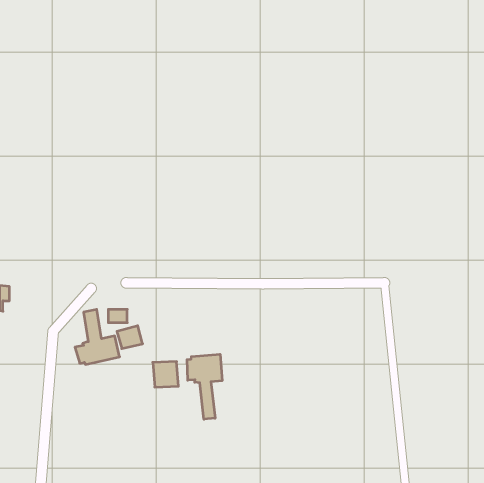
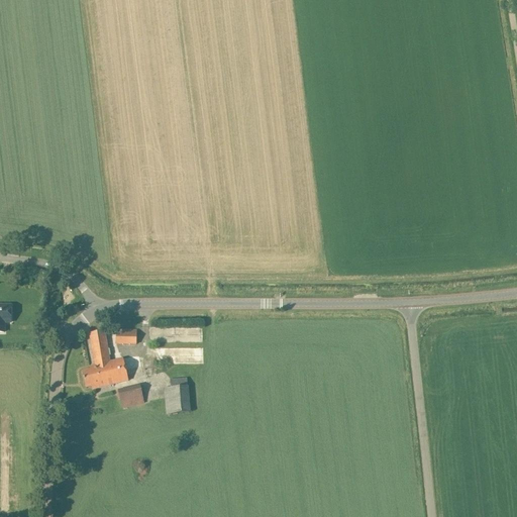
building: [117,326,143,349] -> [116,383,143,407]
building: [187,354,222,419] -> none

